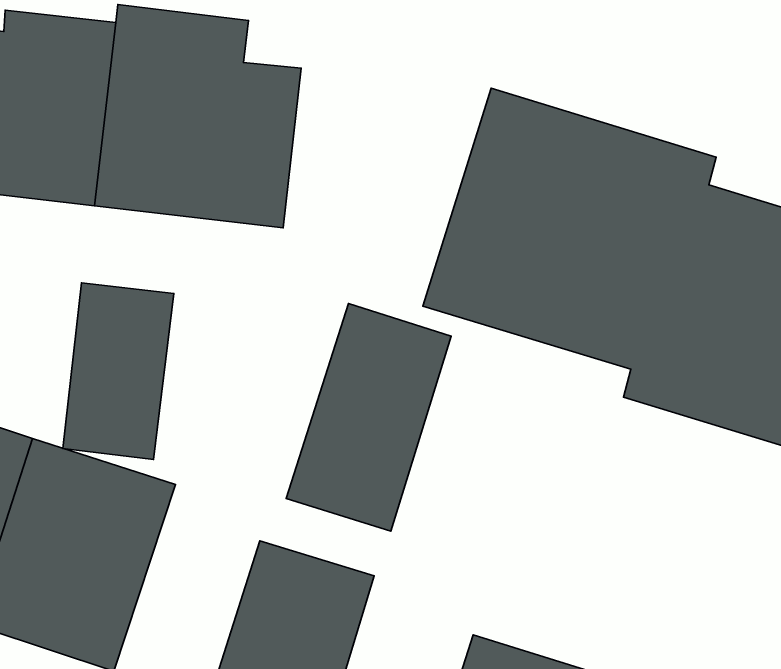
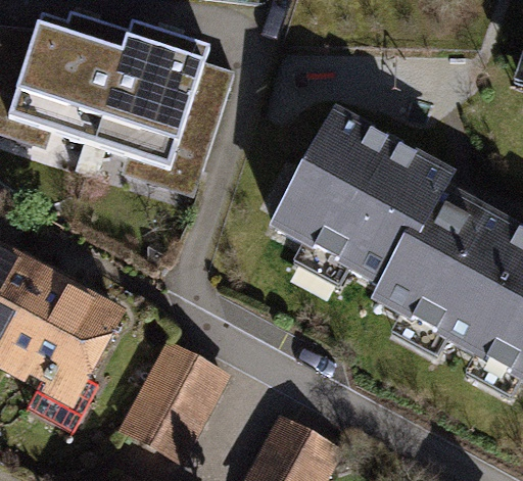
building: [63,283,174,460] -> none
building: [286,303,451,531] -> none

